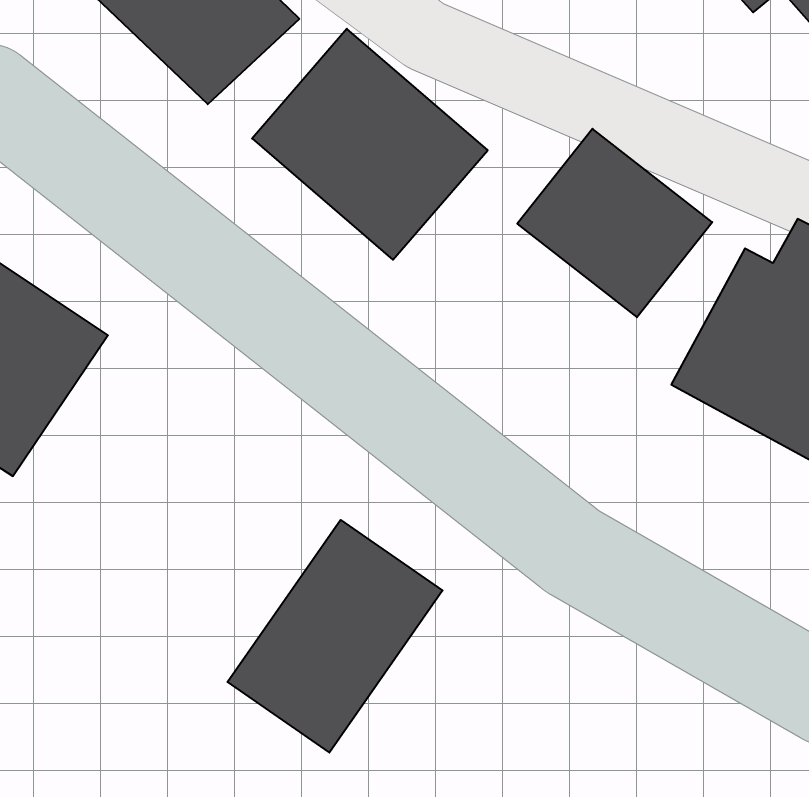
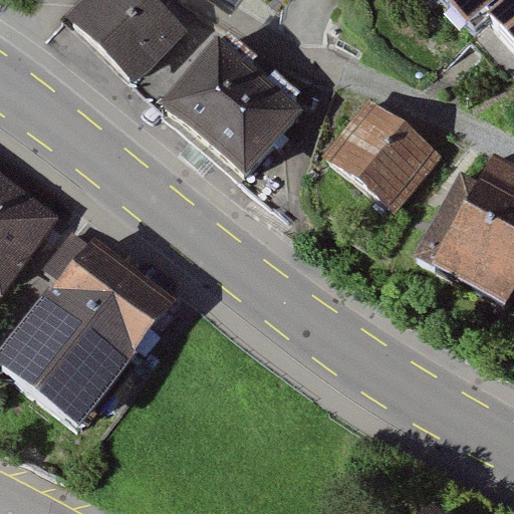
building: none -> [12,248,186,432]
building: [227,520,443,753] -> none

